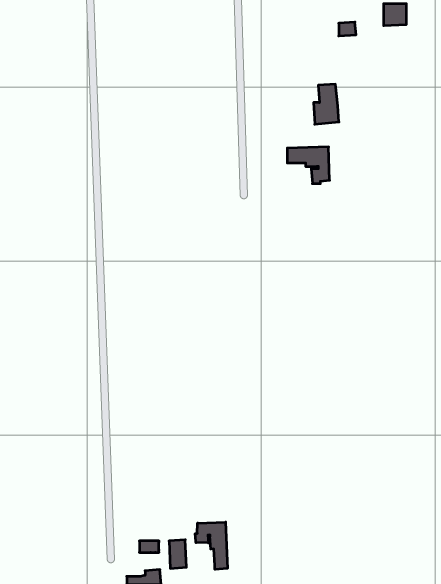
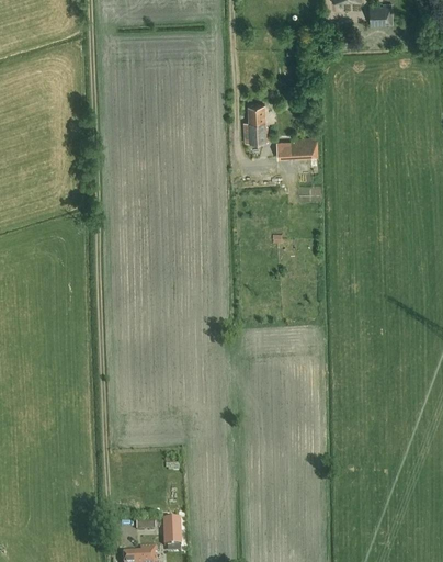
building: [314,84,339,124] -> [243,104,268,143]
building: [195,522,227,569] -> none

